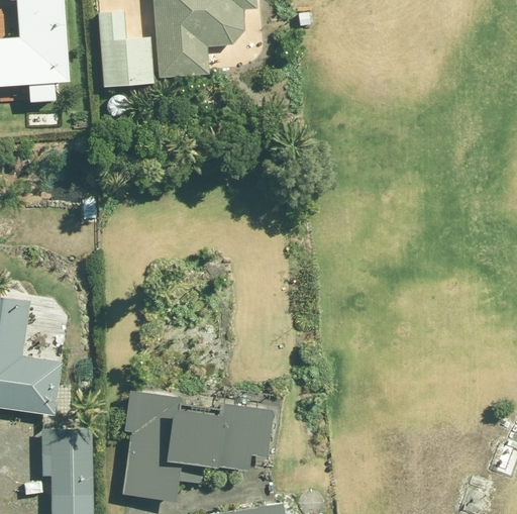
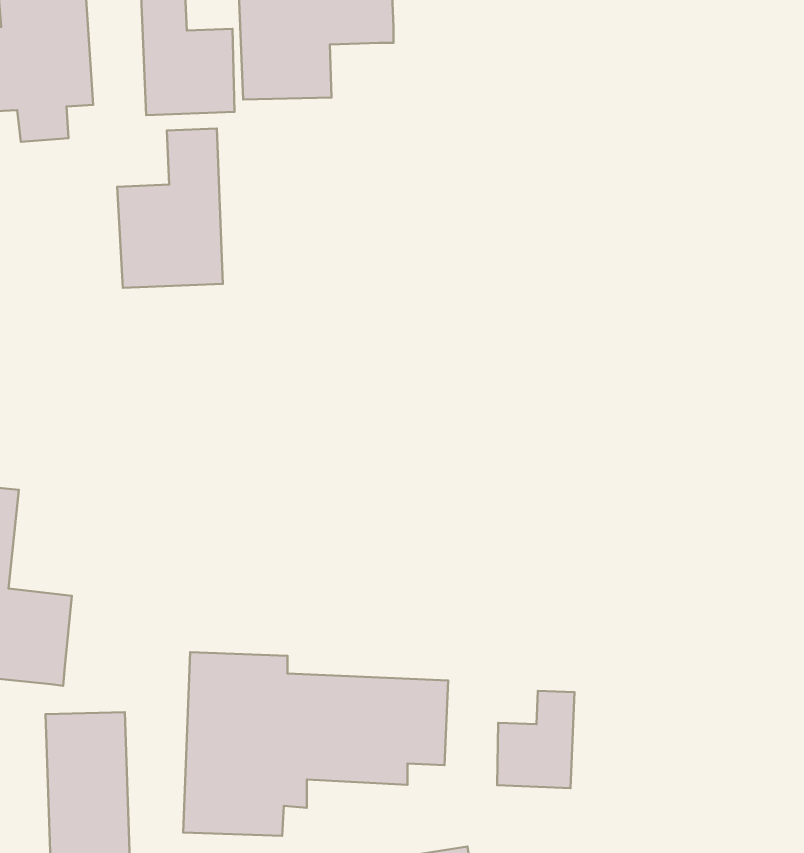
building: none -> [117,129,223,288]
building: none -> [497,691,575,788]

